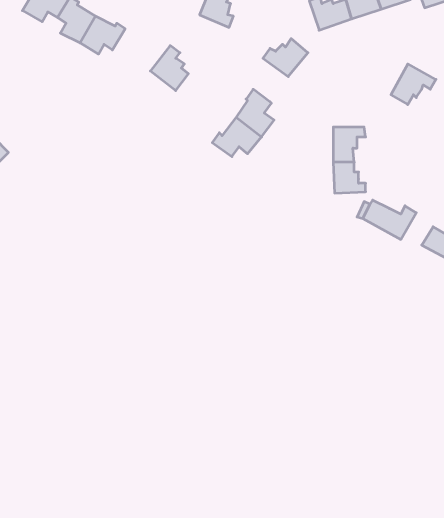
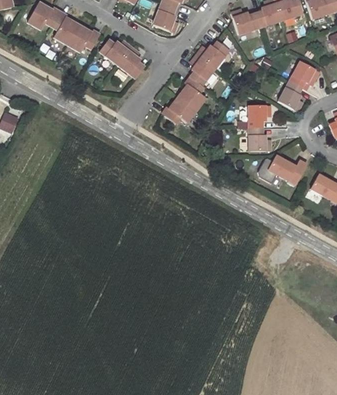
building: none -> [100,39,132,64]
building: none -> [191,55,216,86]
building: none -> [279,81,301,111]

